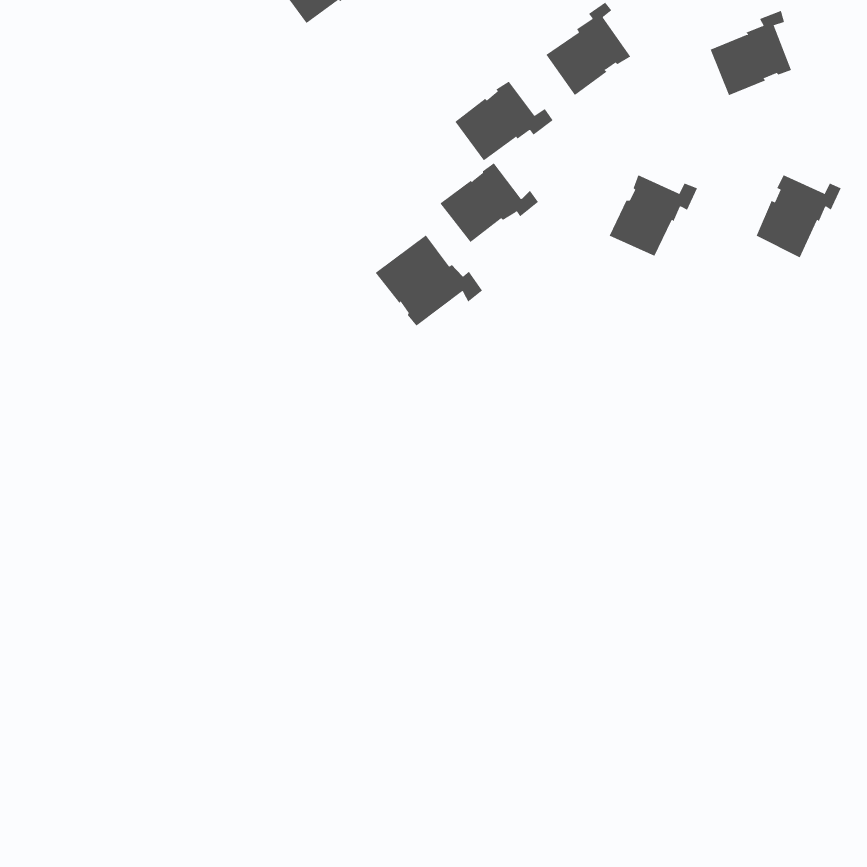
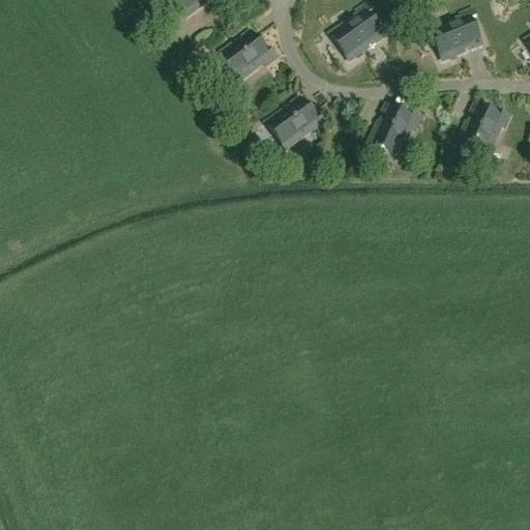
building: [454,81,554,161] -> [222,32,282,81]
building: [375,234,483,327] -> none

